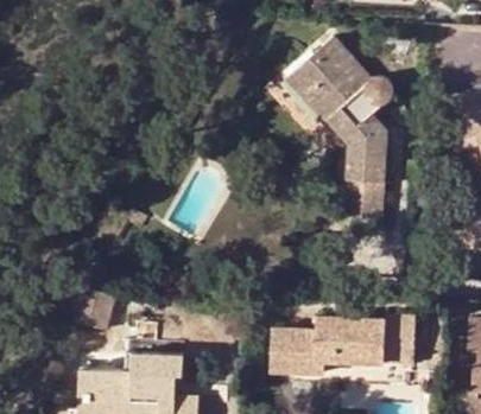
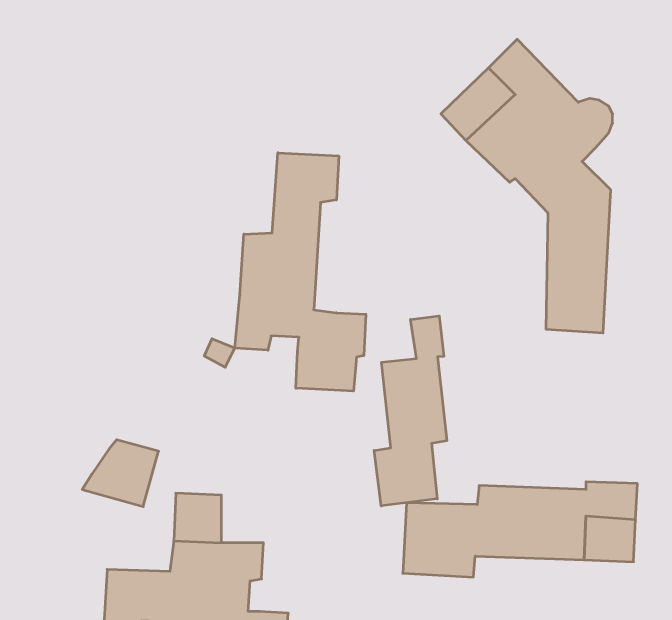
building: none -> [235,153,366,391]
building: none -> [374,316,447,506]

